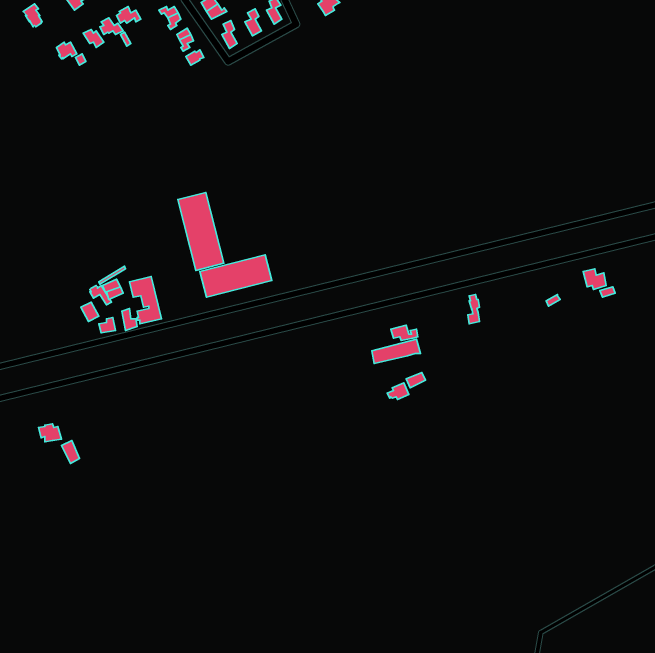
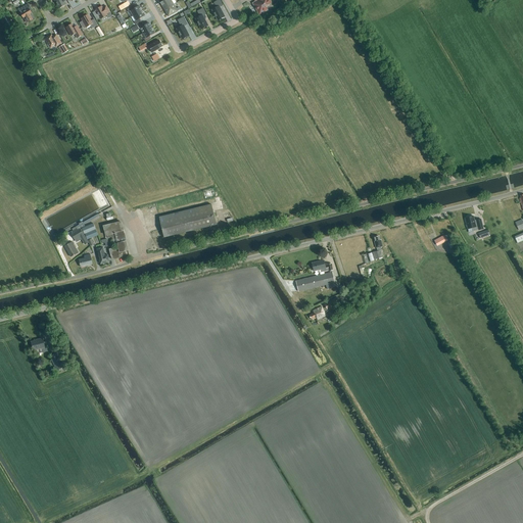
building: [178,192,224,270] -> none

